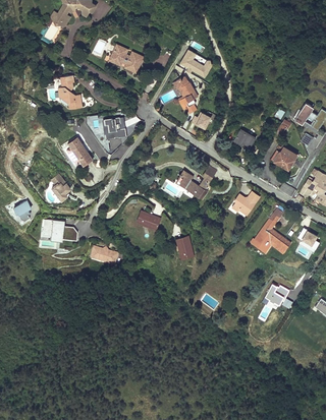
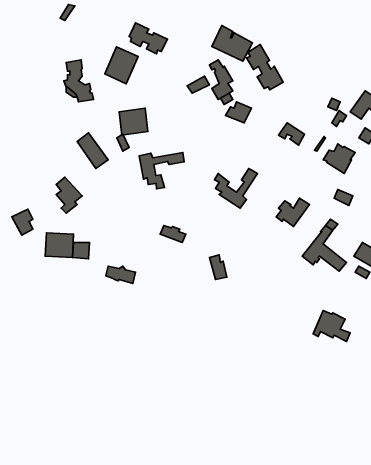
building: none -> [246,45,283,90]
building: none -> [105,47,138,84]
building: none -> [139,152,184,189]

